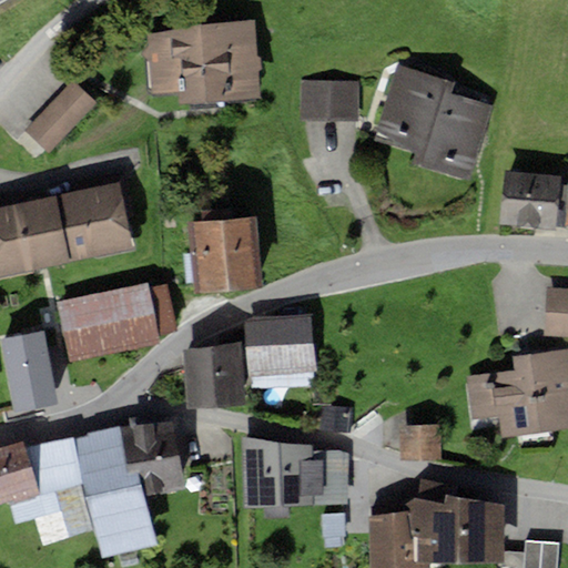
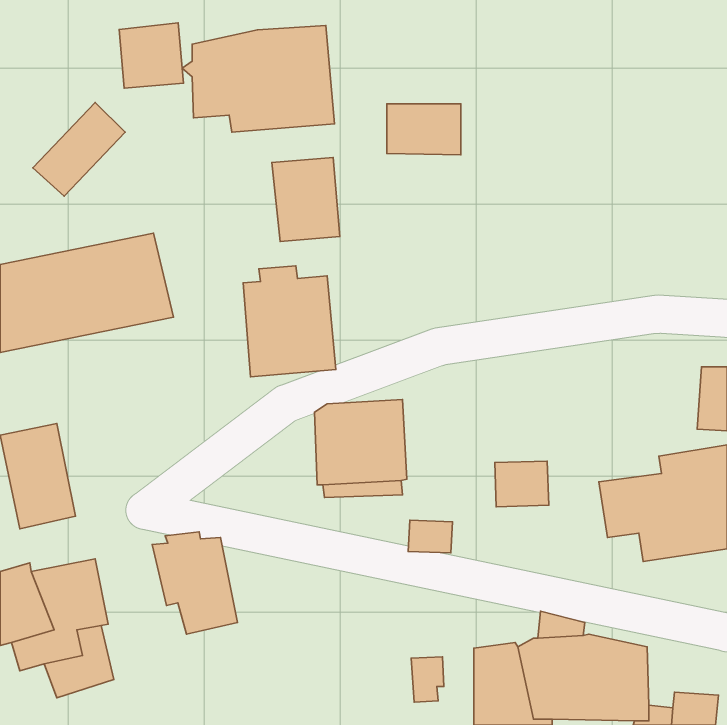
building: none -> [119,23,183,88]
building: [375,65,494,182] -> none
building: none -> [272,157,340,241]
building: [498,169,561,230] -> none
building: [58,283,178,362] -> none
building: [184,341,245,407] -> none
building: [399,424,442,459] -> [495,461,549,507]
building: [74,425,158,558] -> none
building: [242,436,349,508] -> none

